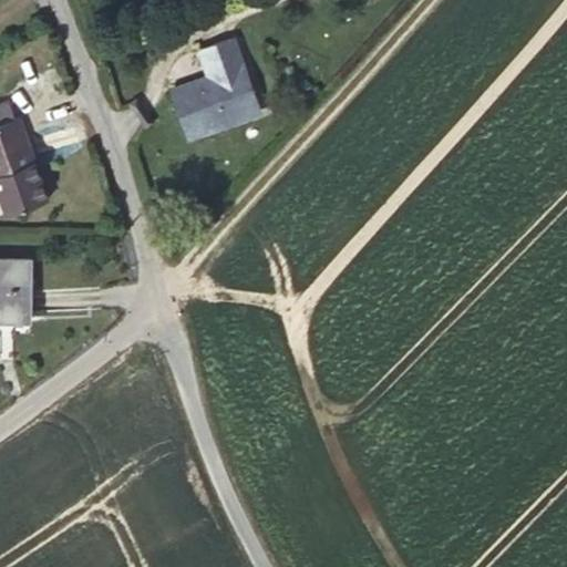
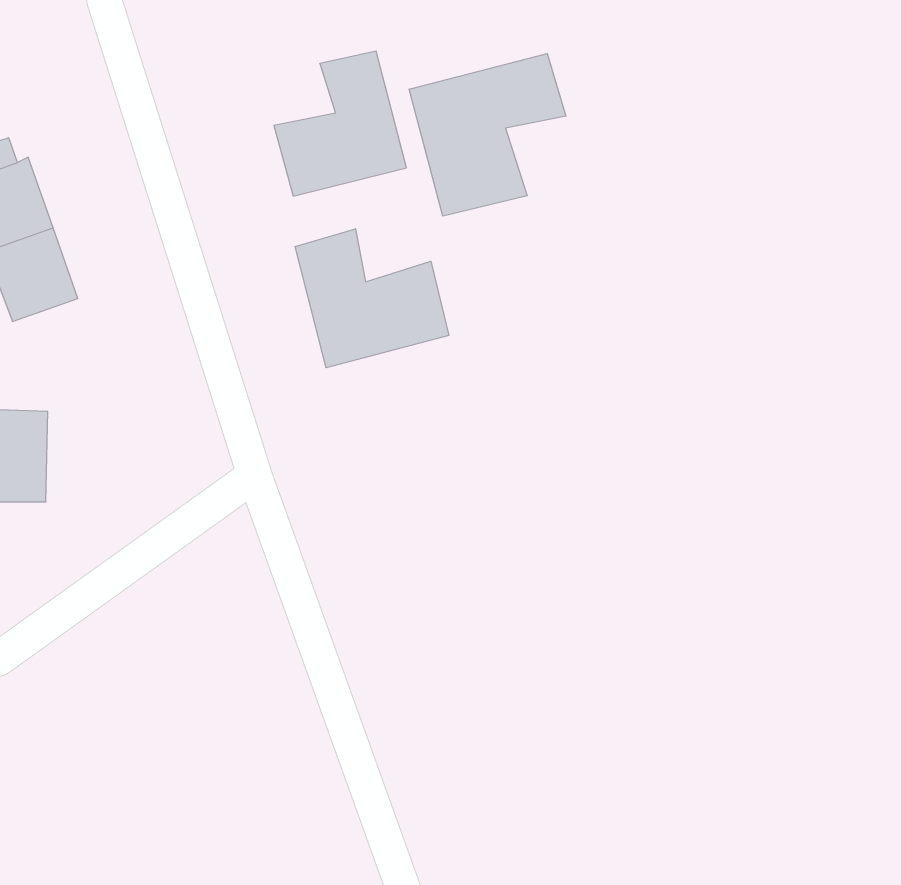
building: none -> [409,54,566,216]
building: none -> [295,229,449,368]

